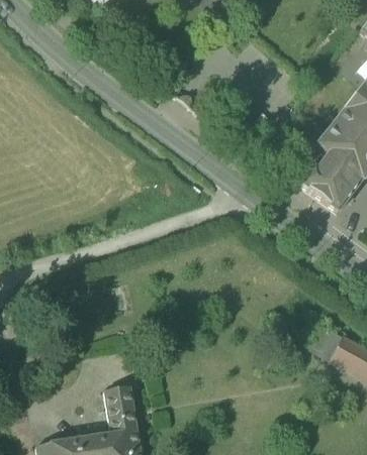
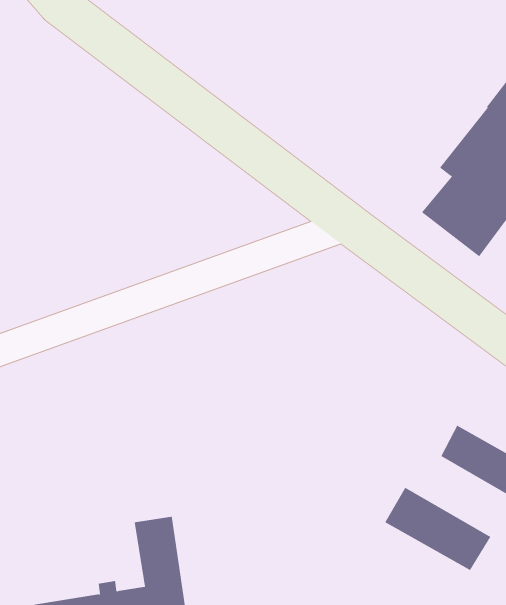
building: none -> [385,487,491,571]

